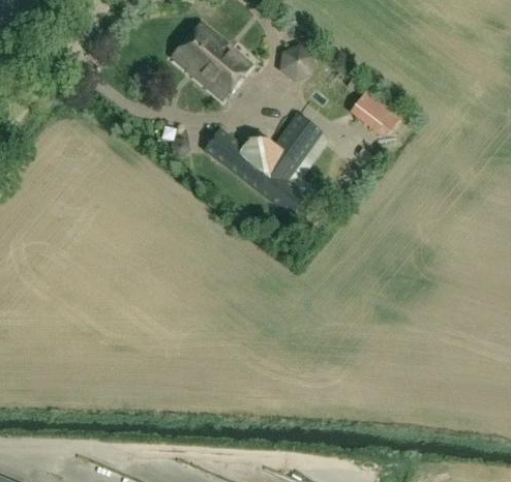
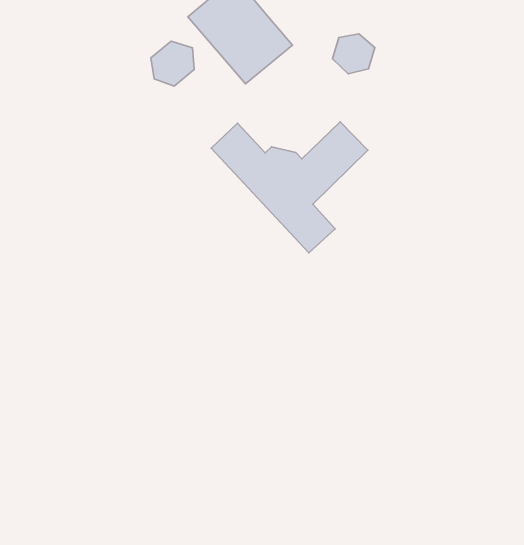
building: none -> [151,41,194,86]
building: [350,87,402,137] -> none

